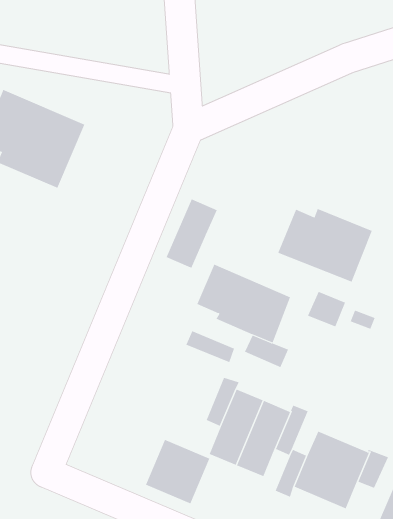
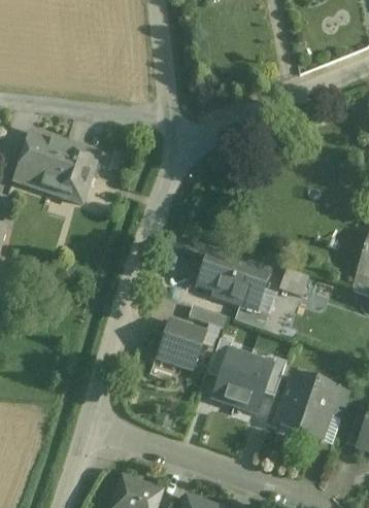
building: [166,199,217,269] -> none
building: [278,208,373,282] -> none
building: [145,439,210,504] -> [156,320,204,369]

